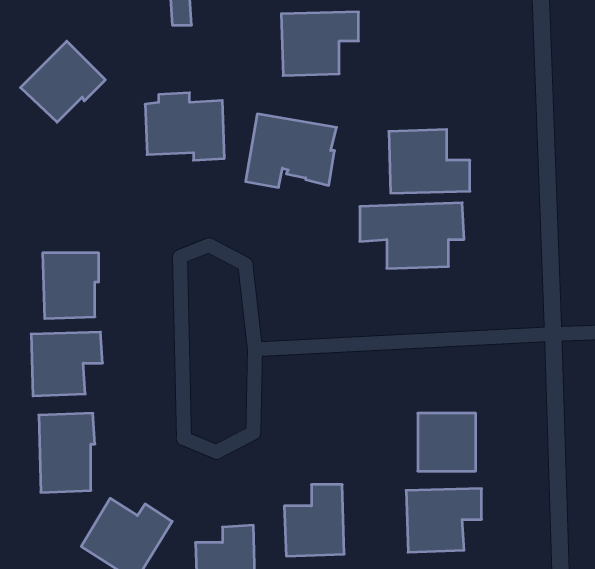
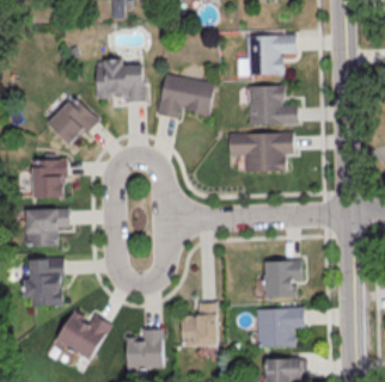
building: [281,12,359,76] -> [246,33,294,73]
building: [20,41,105,122] -> [45,97,98,147]

